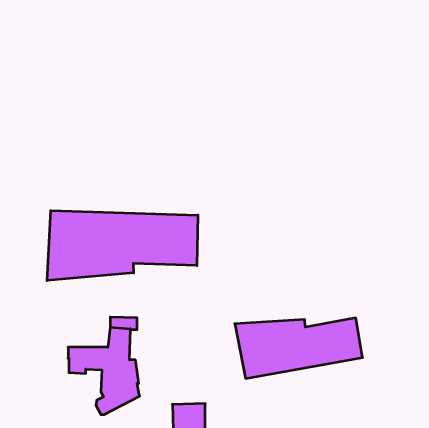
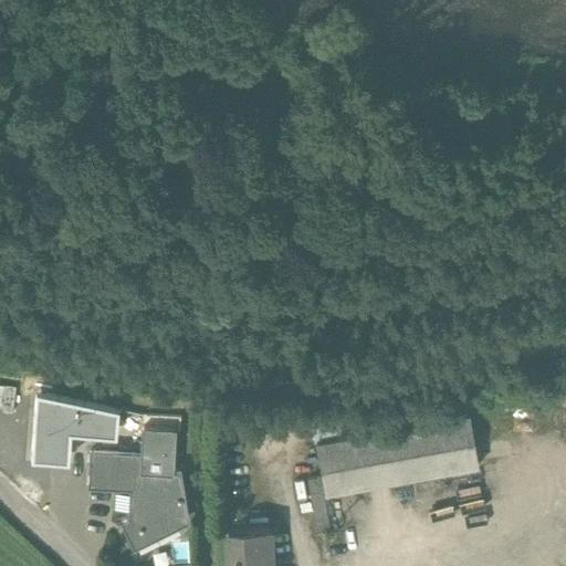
building: [47,211,198,281] -> none
building: none -> [31,396,119,465]

